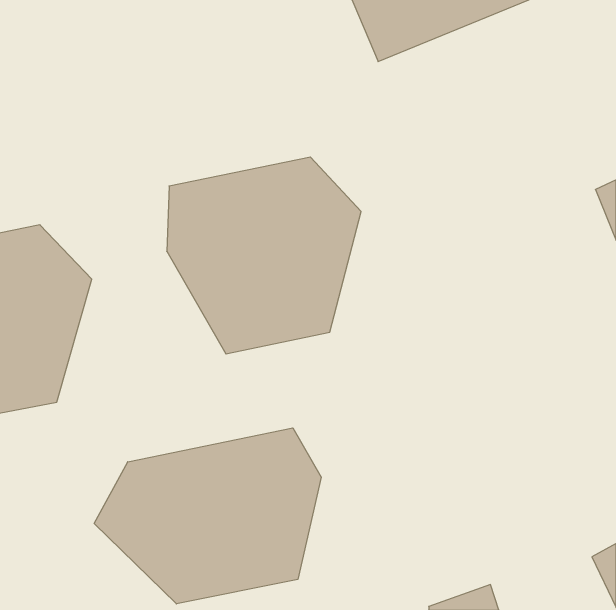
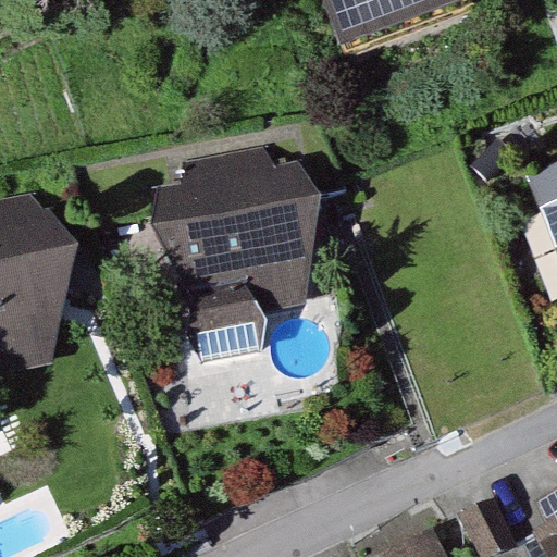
building: [94,428,321,604] -> none

